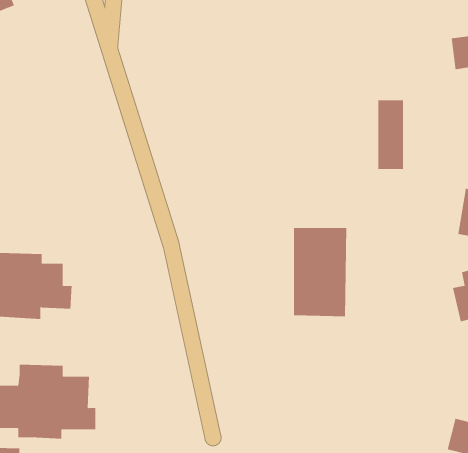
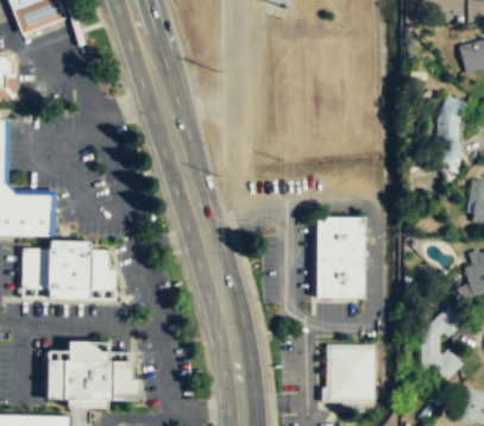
building: [378,100,404,170] -> [436,101,460,164]
building: none -> [409,308,463,383]
building: none -> [326,345,376,402]

